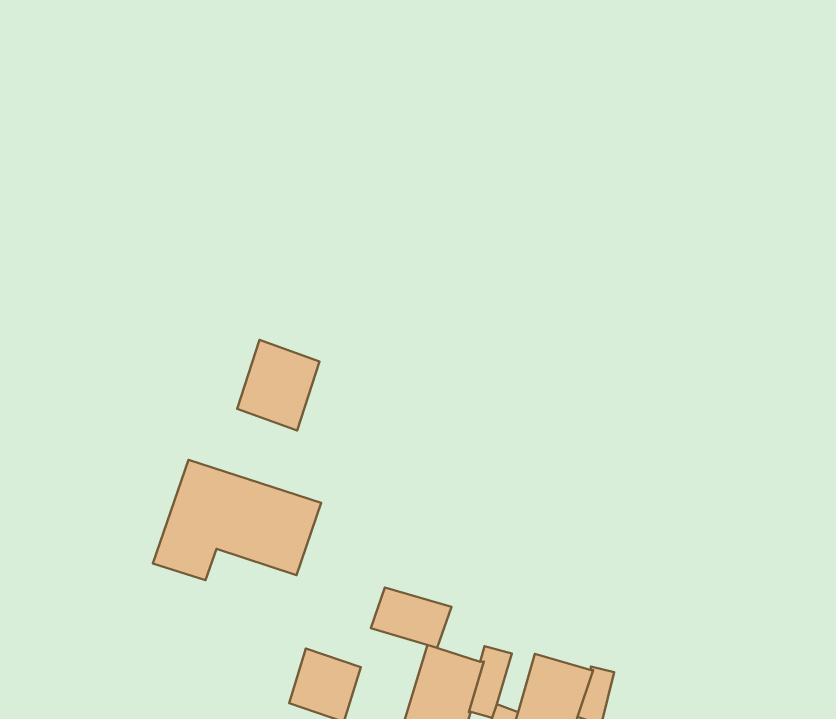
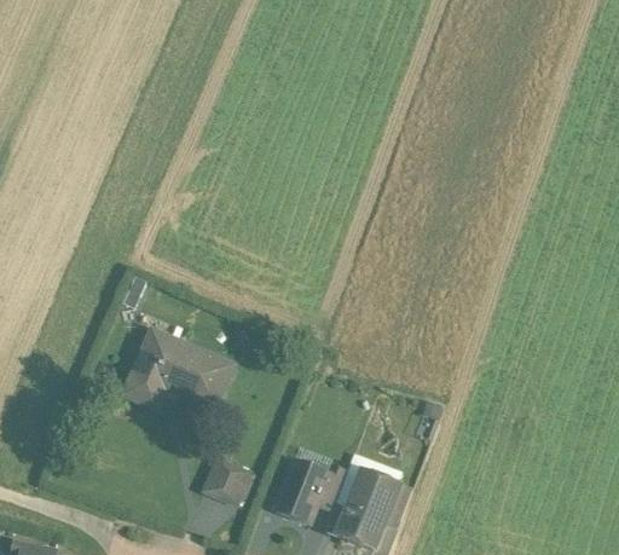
building: [237,340,320,431] -> none
building: [371,587,451,648] -> none

